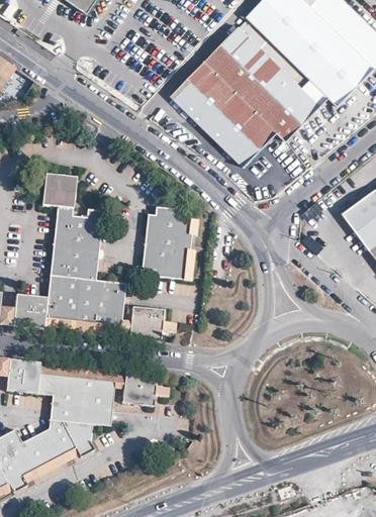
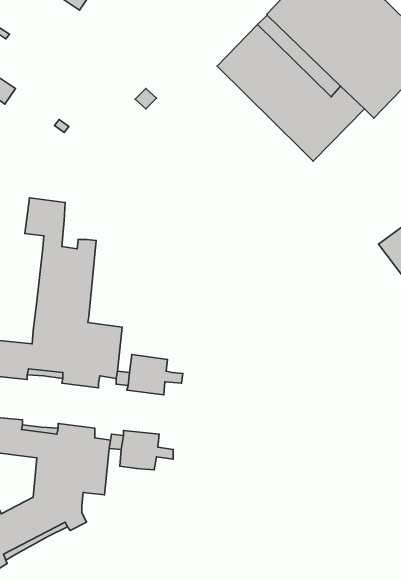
building: [172,62,278,168] -> none
building: [142,206,192,279] -> none

